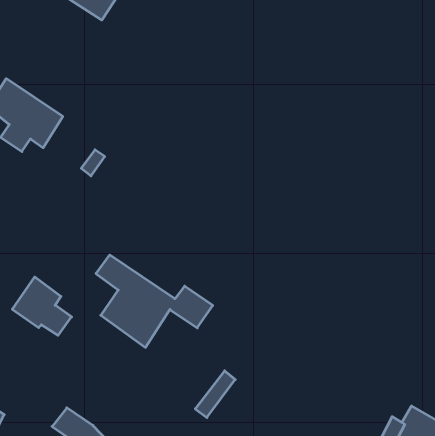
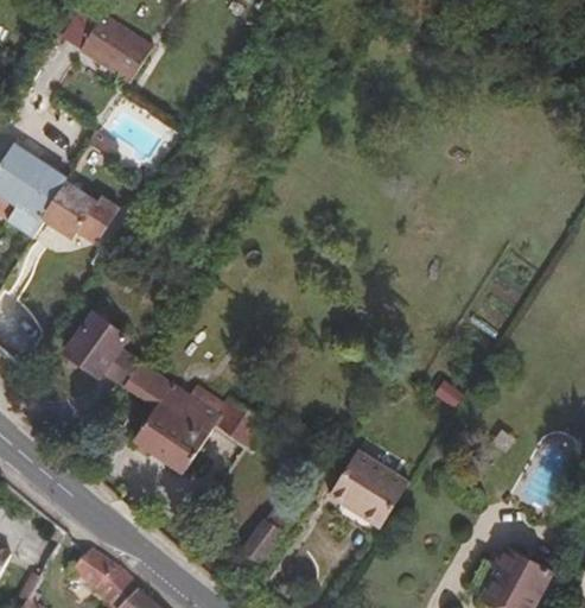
building: none -> [58,194,117,246]
building: [12,277,72,335] -> [66,314,139,385]
building: none -> [330,451,407,527]

